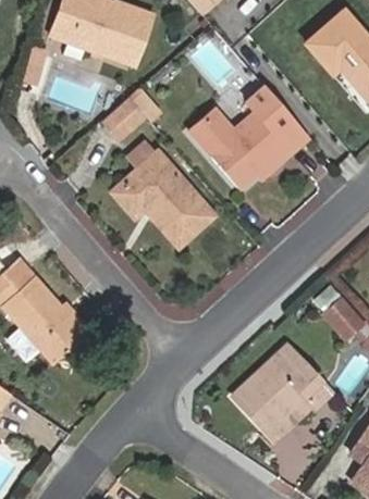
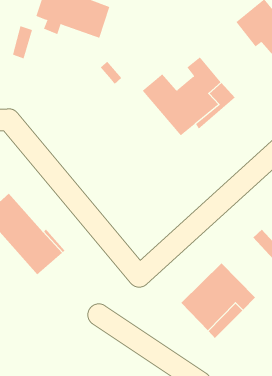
building: [103,95,147,137] -> none
building: [115,150,218,246] -> none

